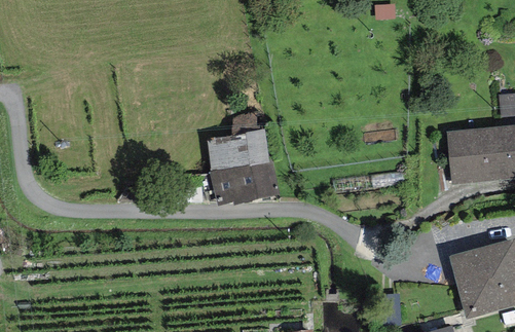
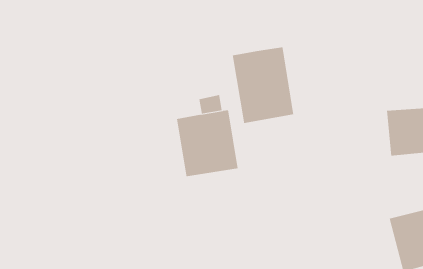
building: none -> [232,47,294,124]

